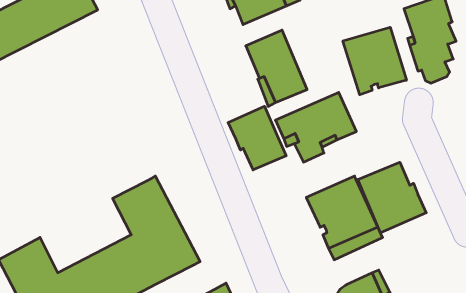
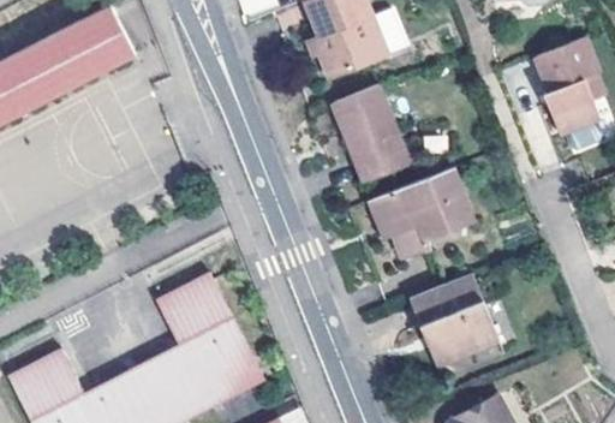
building: [343,27,406,95] -> none
building: [228,106,286,170] -> none
building: [358,162,426,233] -> none

